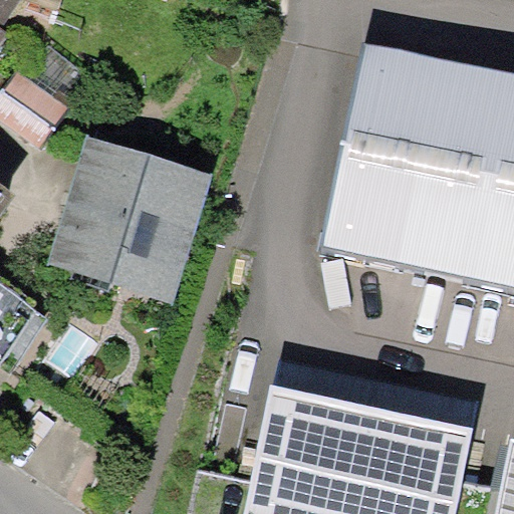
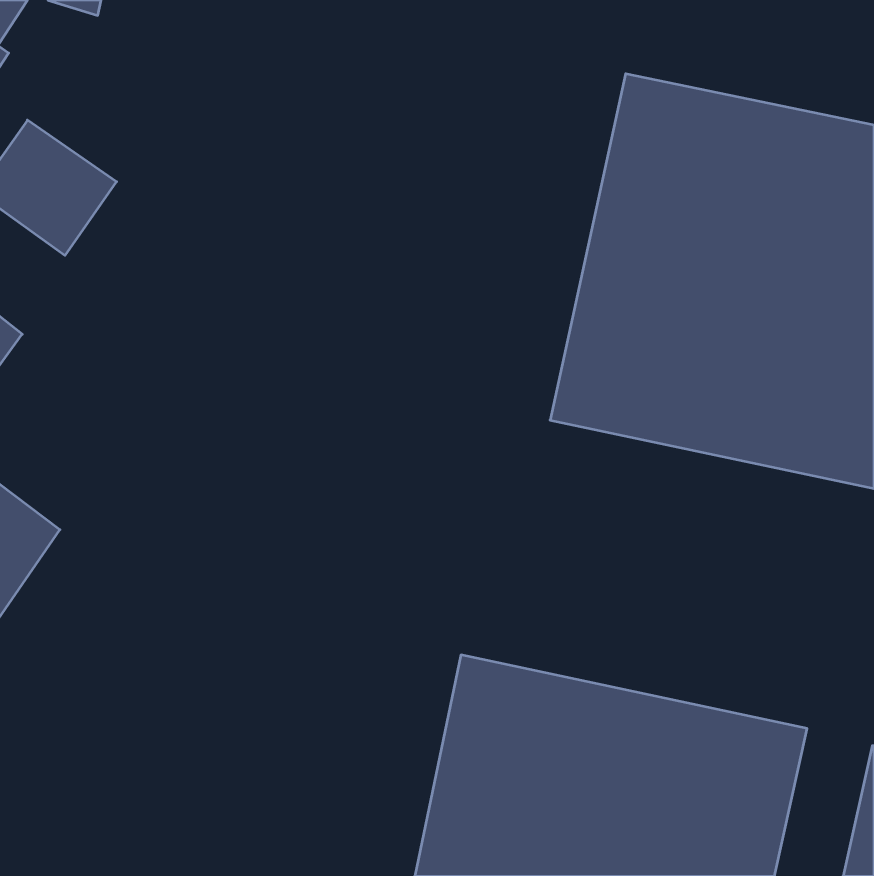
building: [46,136,213,303] -> none

